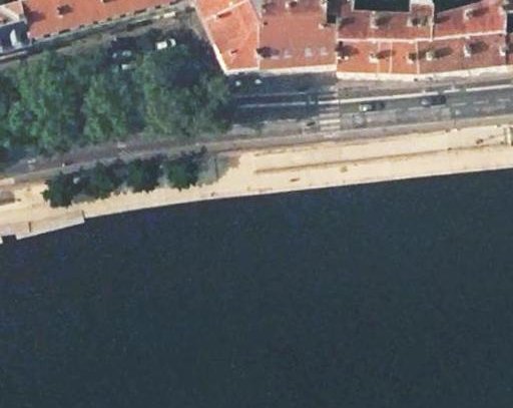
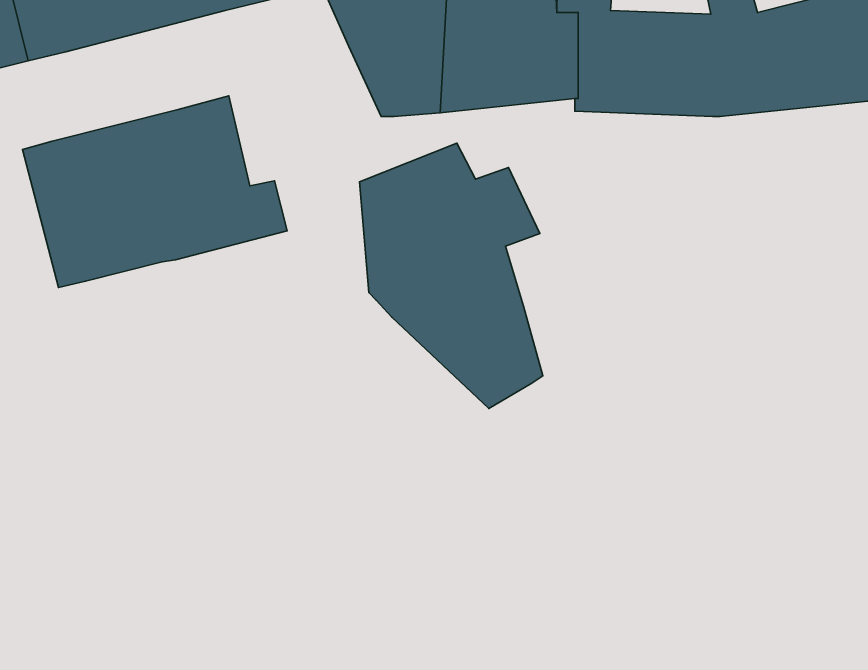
building: none -> [23,96,287,288]
building: none -> [359,143,543,408]

